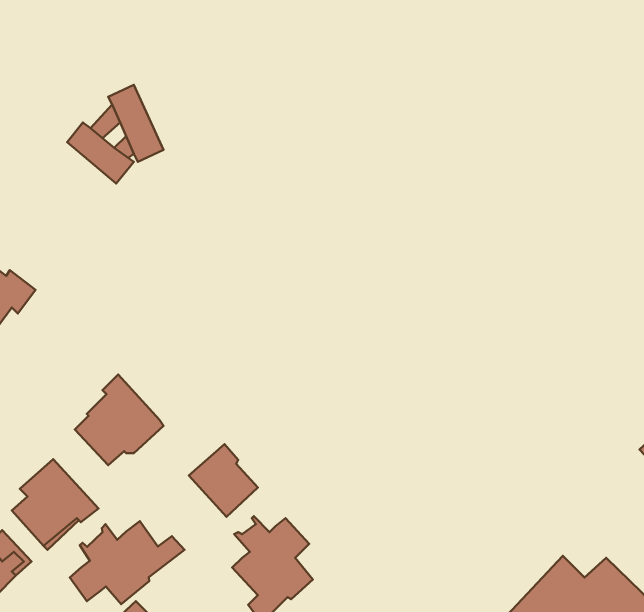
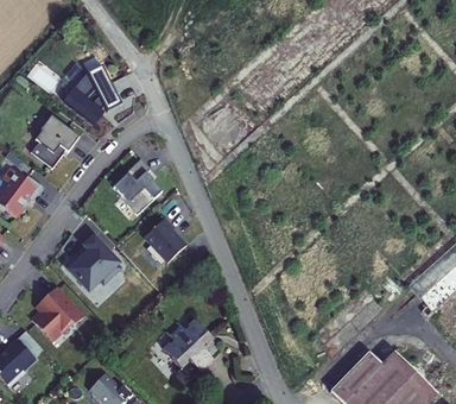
building: none -> [34,114,83,168]
building: none -> [116,160,165,216]
building: [189,444,258,517] -> [147,221,189,265]
building: [70,521,184,604] -> none

